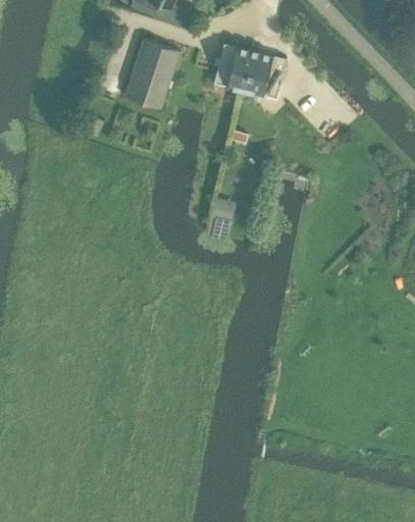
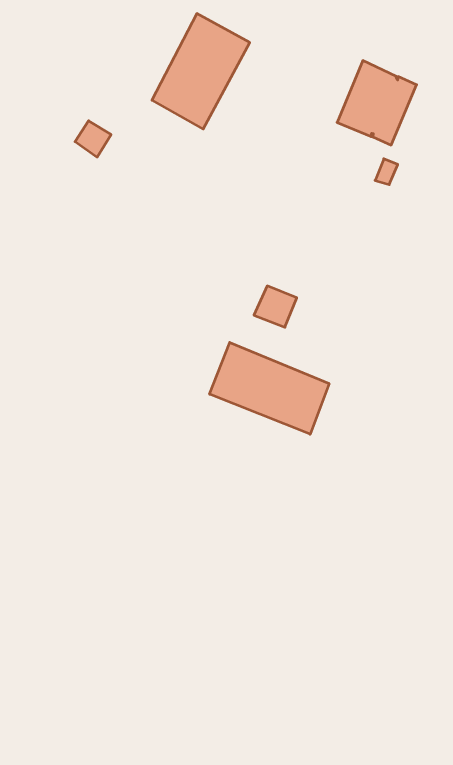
building: [214,43,251,90] -> none
building: none -> [210,342,329,434]

